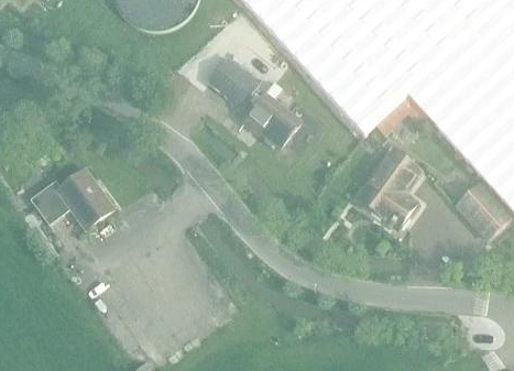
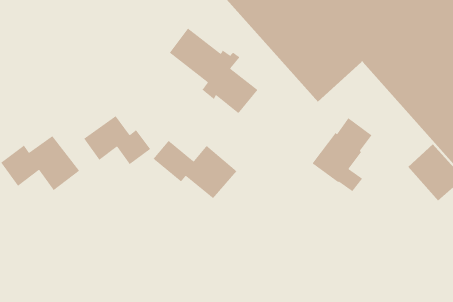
building: none -> [83,115,151,165]
building: none -> [153,140,238,199]

